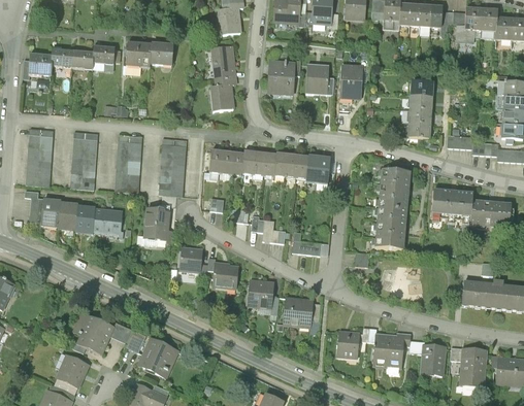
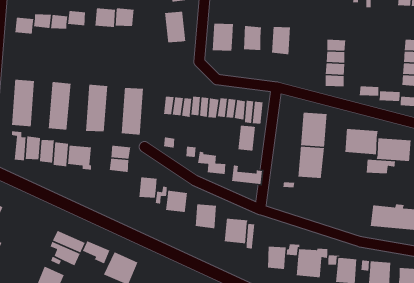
building: [210,83,235,110] -> none
building: none -> [237,125,256,151]
building: none -> [366,159,396,174]

